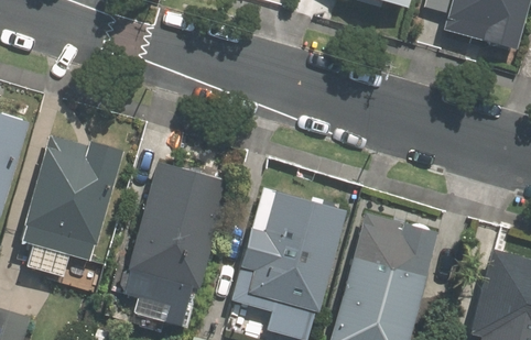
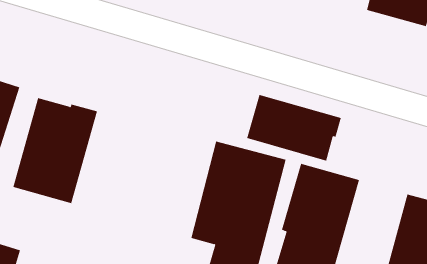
building: none -> [247,94,342,161]
building: [123,163,227,326] -> none

